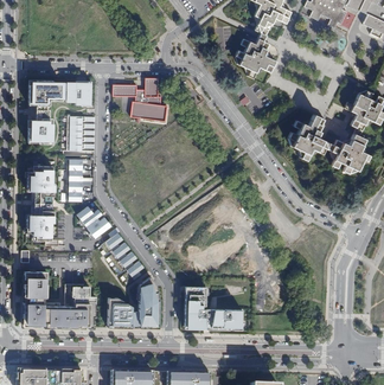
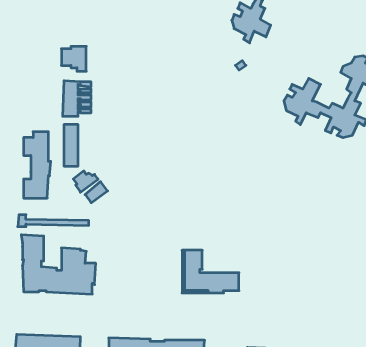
building: [111,76,166,120] -> none
building: [28,81,62,109] -> none
building: [27,114,52,143] -> none
building: [101,231,145,282] -> none
building: [108,275,160,329] -> none

